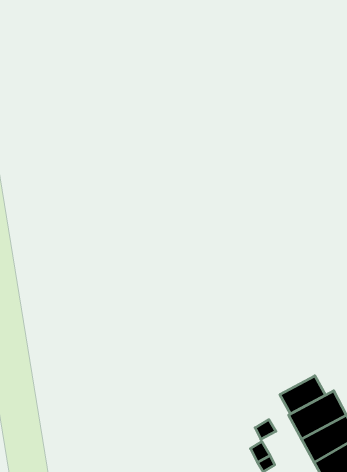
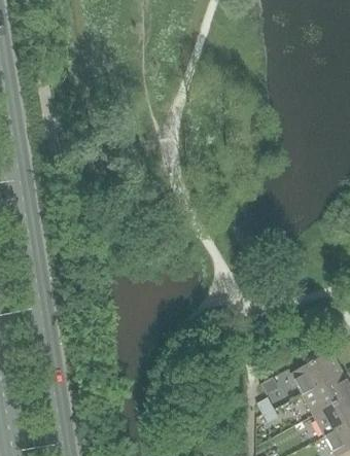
building: [280,376,325,414] -> none

